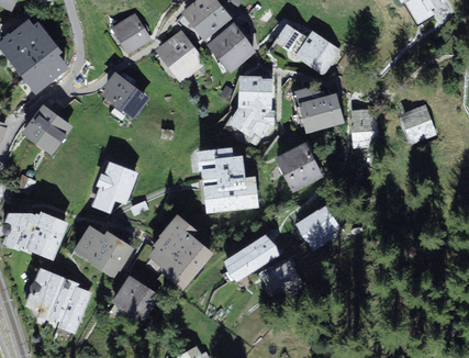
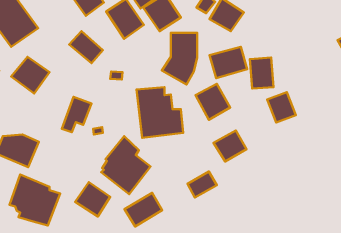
building: [400,103,438,144] -> [267,92,296,123]
building: [70,219,131,275] -> none
building: [228,234,279,279] -> [124,193,162,226]

